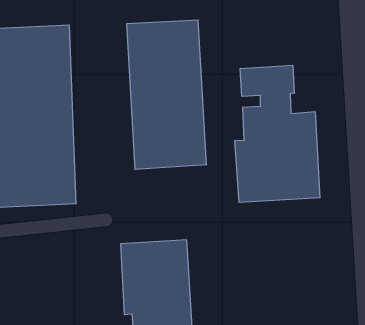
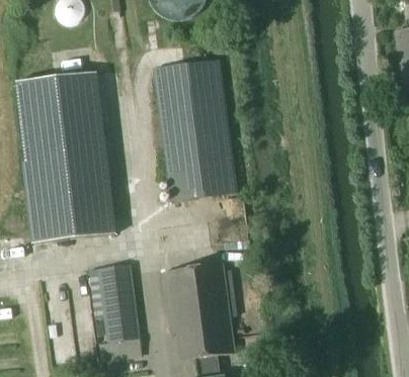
building: [235,65,320,202] -> none
building: none -> [87,263,140,343]

